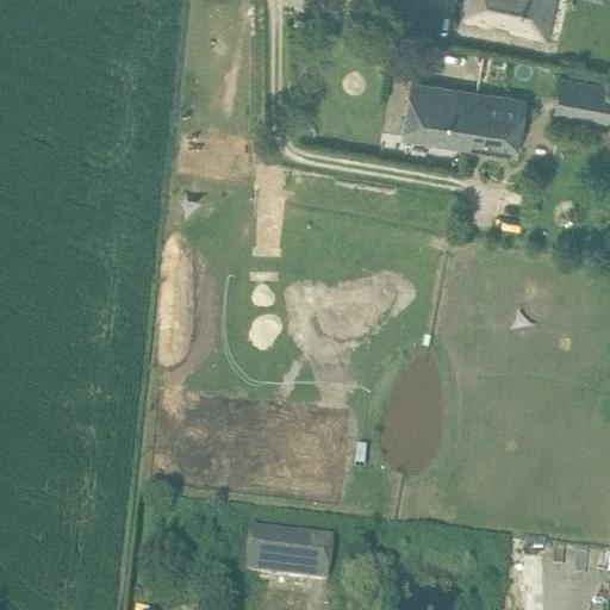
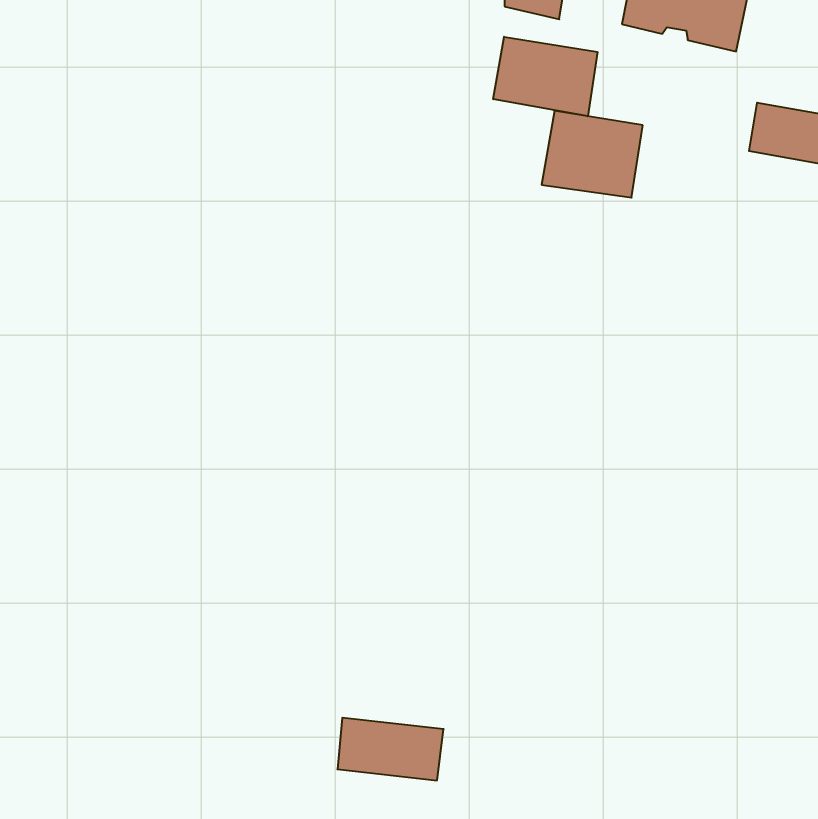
building: none -> [493,37,597,116]
building: [471,93,527,154] -> none

